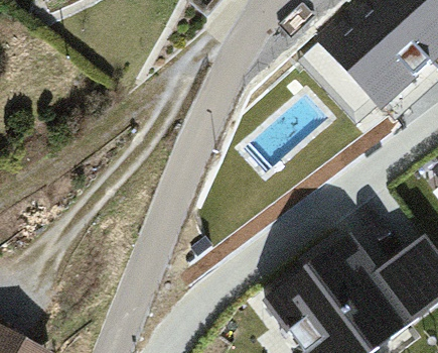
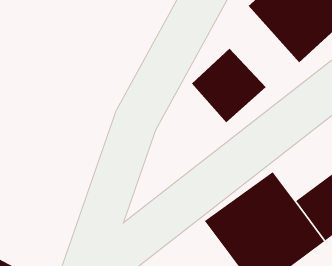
building: none -> [191,48,267,123]

